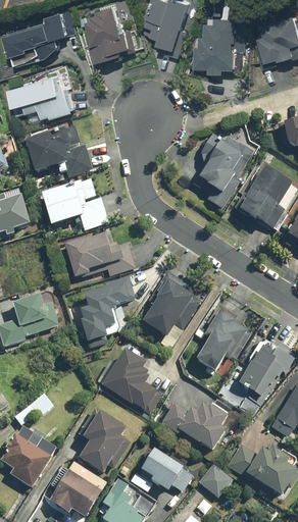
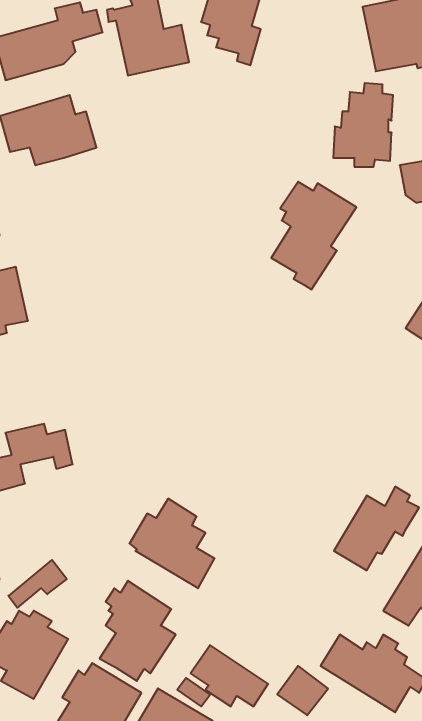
building: [195,13,236,70] -> [333,83,393,167]
building: [26,126,92,175] -> none
building: [234,164,290,228] -> none
building: [41,180,108,228] -> none
building: [64,232,135,283] -> none
building: [140,269,200,337] -> none
building: [78,276,133,342] -> none
building: [195,310,250,371] -> none
building: [157,402,228,452] -> none

